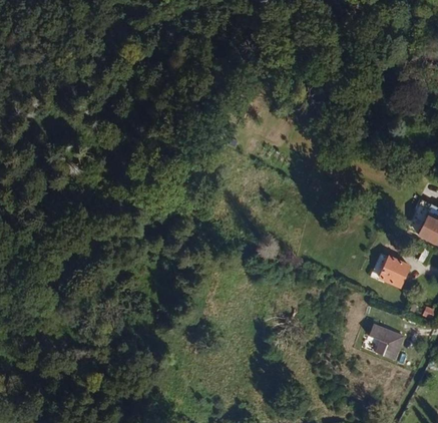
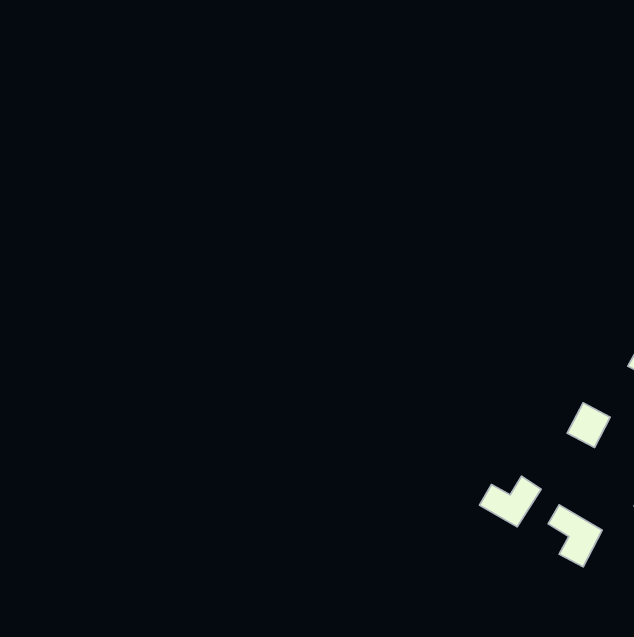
building: none -> [479,476,541,527]

